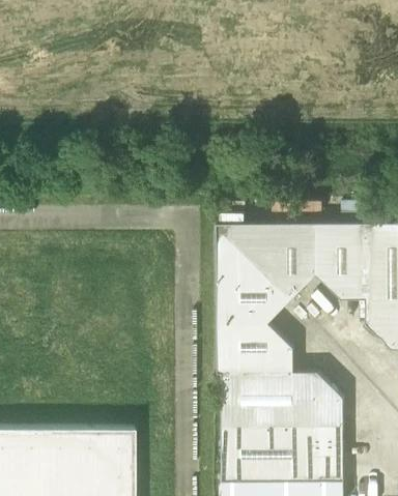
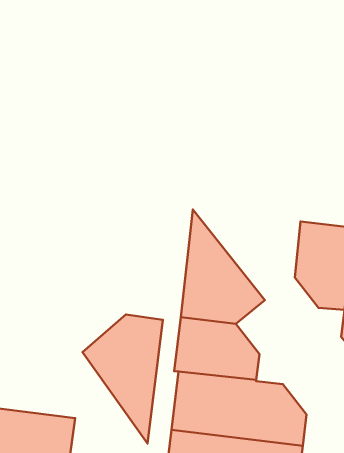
building: [218,225,318,300] -> none
building: none -> [82,315,163,444]

